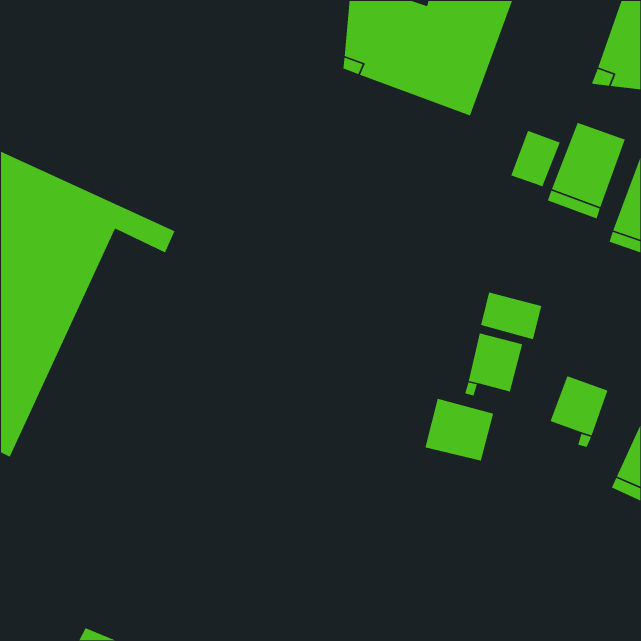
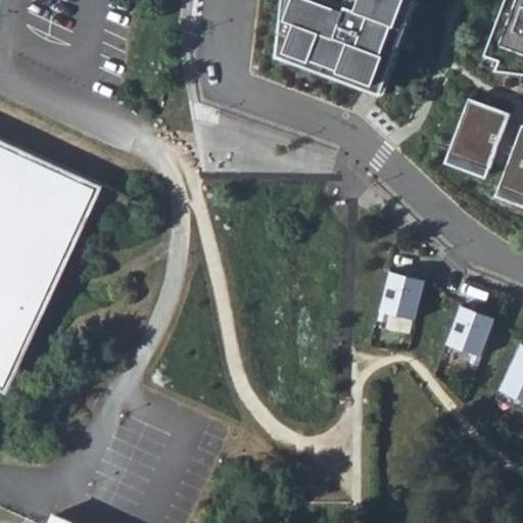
building: [510,130,561,188] -> none
building: [480,292,542,340] -> none
building: [425,398,494,461] -> none

